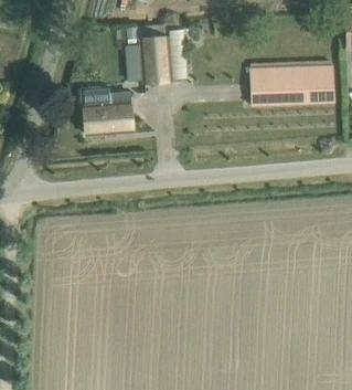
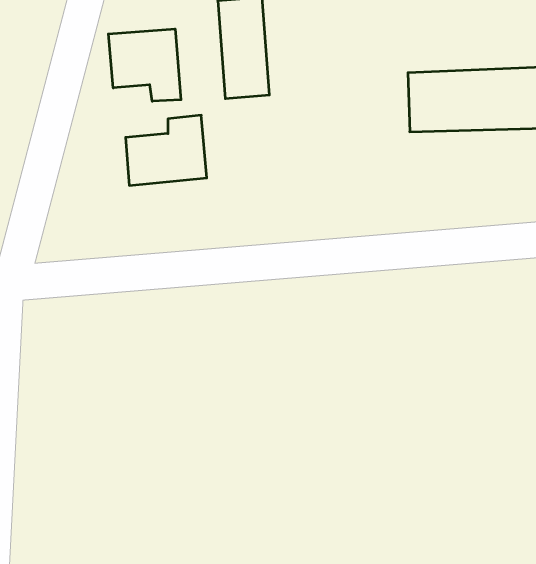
building: none -> [108,29,181,101]

